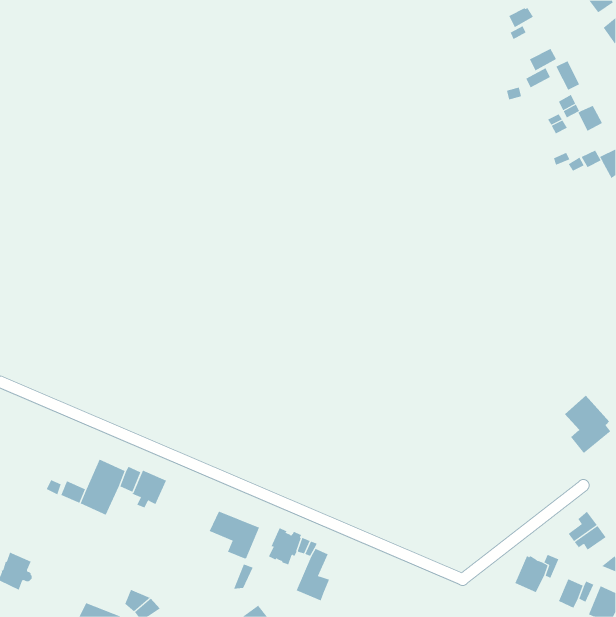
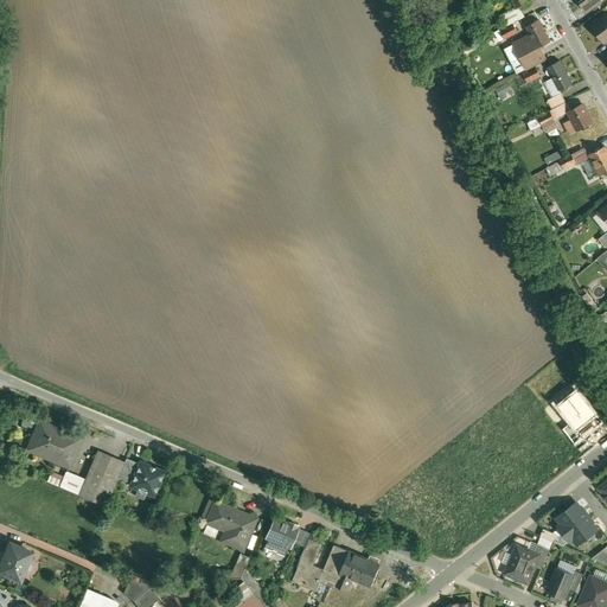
building: none -> [512,19,550,58]
building: none -> [27,422,77,466]
building: none -> [319,544,379,590]

